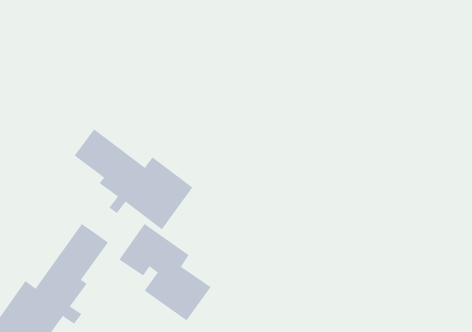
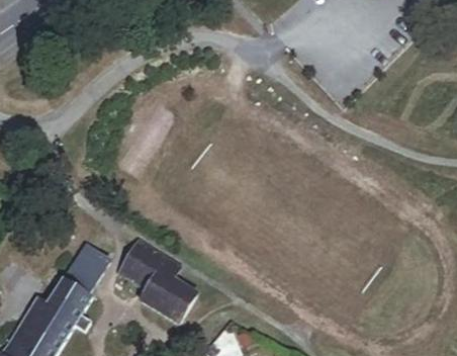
building: [74,129,193,230] -> none

